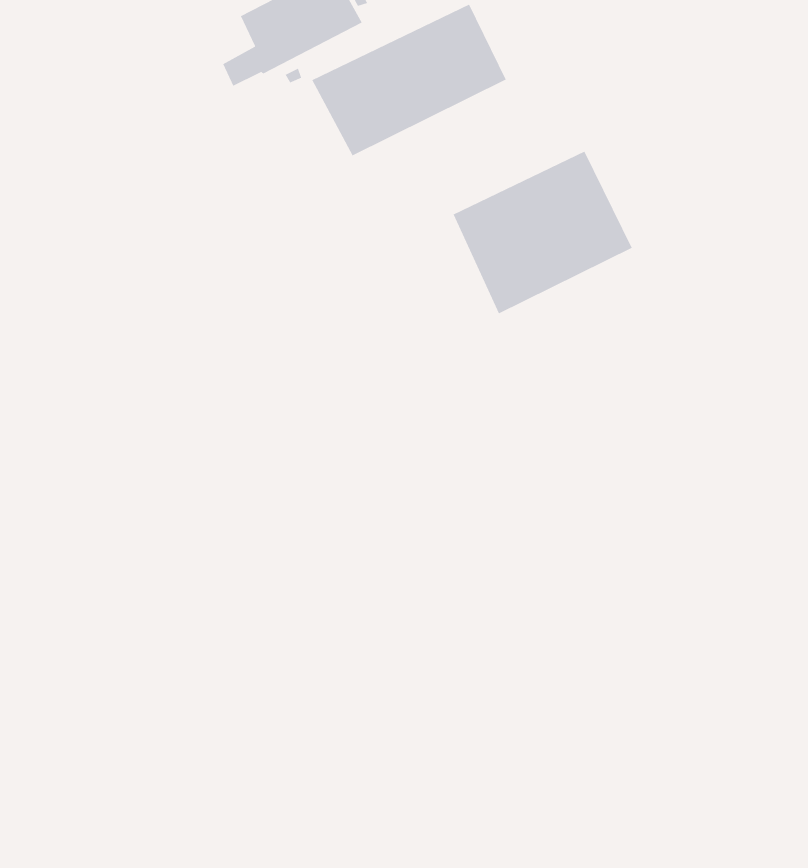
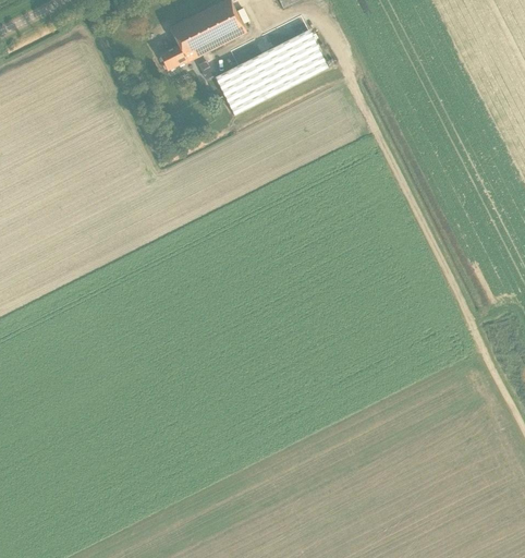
building: [452,151,633,315] -> none

